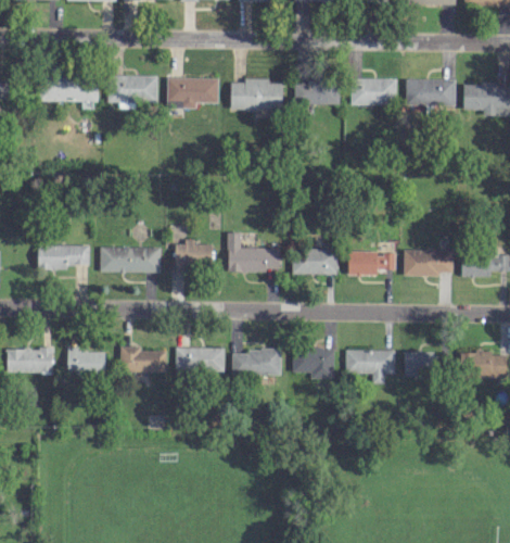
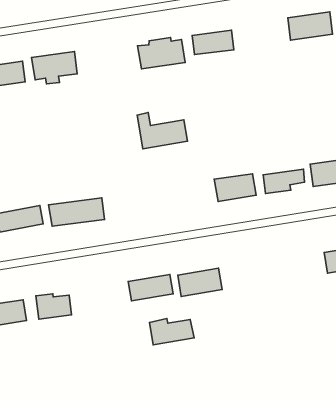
building: [167,77,219,108] -> none
building: [352,78,396,104] -> none
building: [228,231,280,272] -> [137,112,188,149]
building: [176,239,213,269] -> none
building: [120,345,168,372] -> [149,319,194,345]
building: [293,349,334,379] -> none
building: [346,349,395,383] -> none

